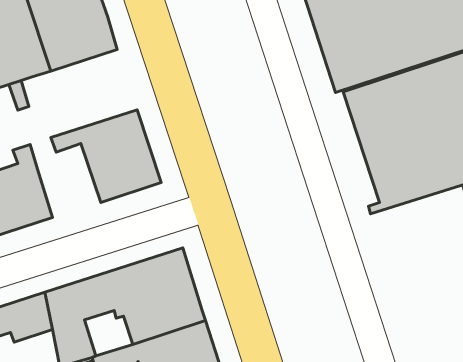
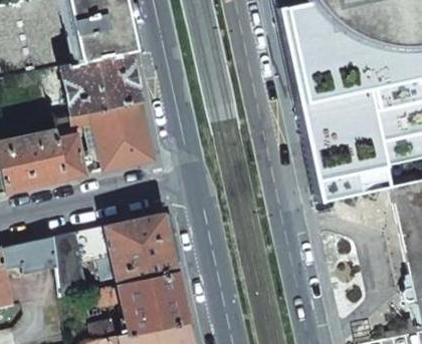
building: none -> [61,51,142,115]
building: none -> [58,135,86,179]

